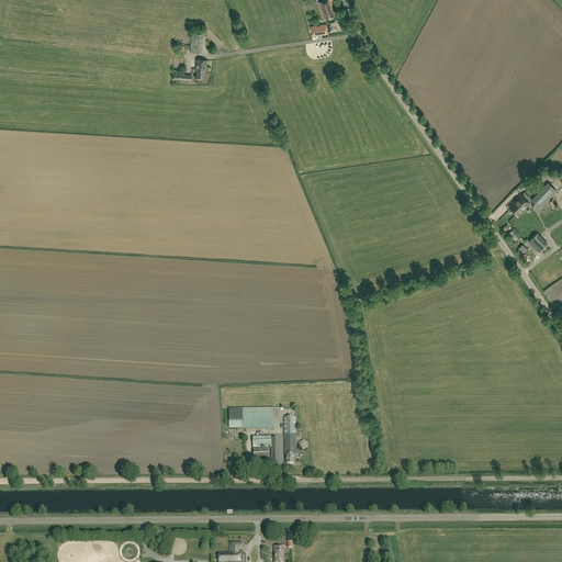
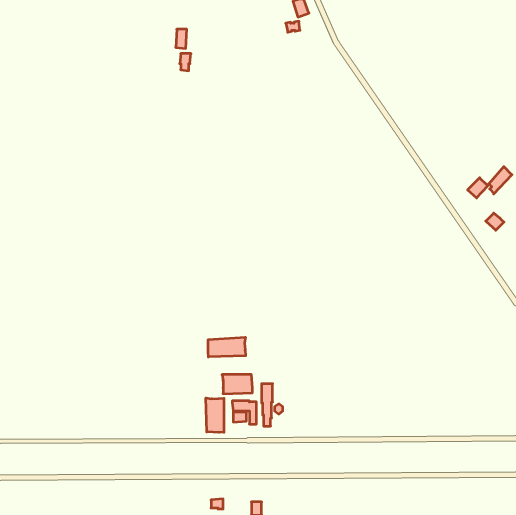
building: none -> [208,337,246,357]
building: none -> [206,398,224,432]

